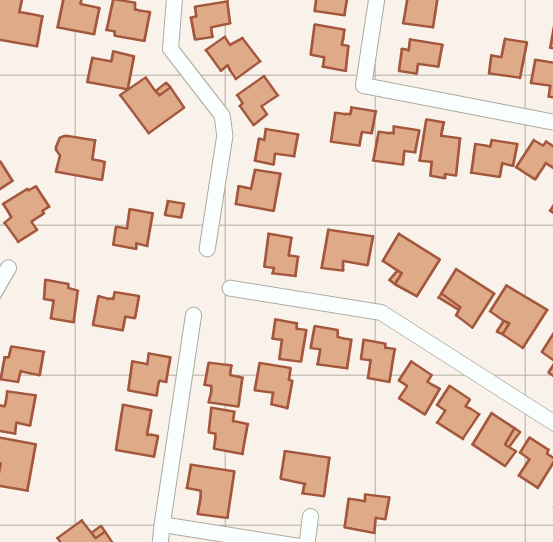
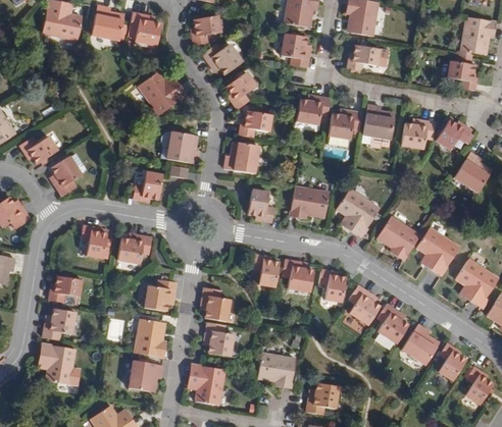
building: [489,39,527,78] -> none
building: [87,51,134,90] -> none
building: [56,136,105,180] -> [162,131,199,164]
building: [255,363,292,408] -> none
building: none -> [130,360,163,390]

